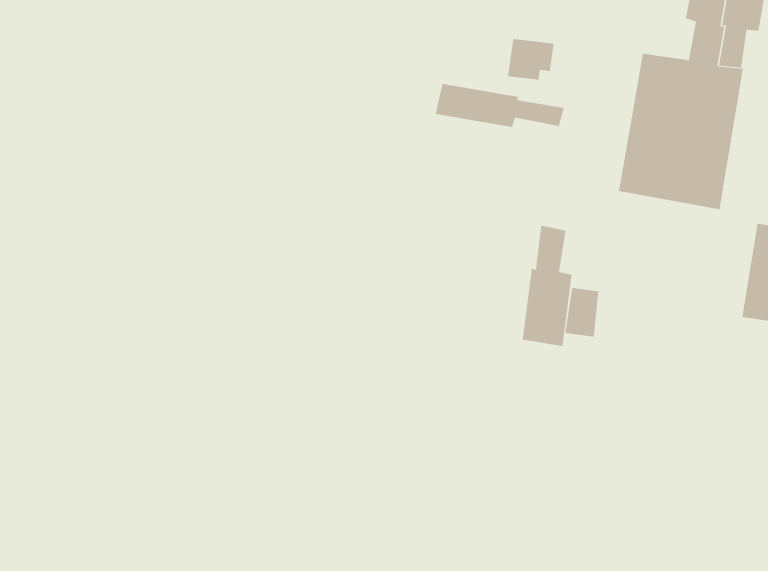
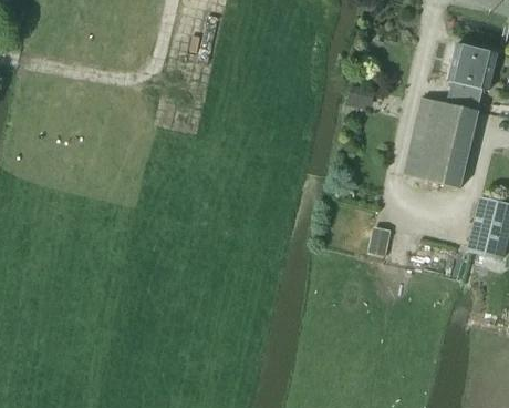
building: [435,83,565,128] -> none
building: [522,225,572,347] -> none

